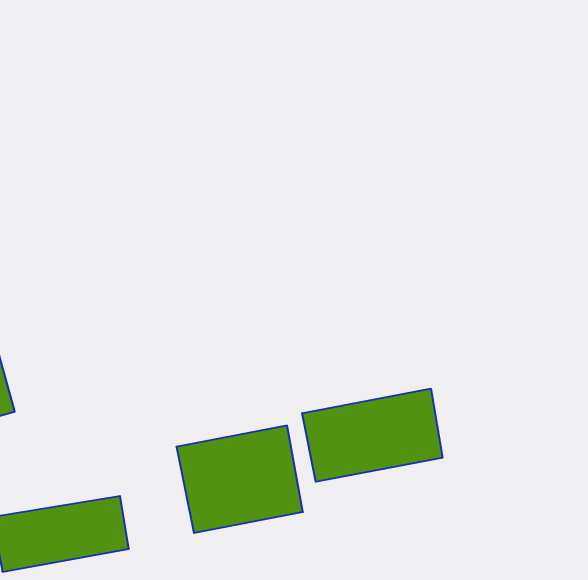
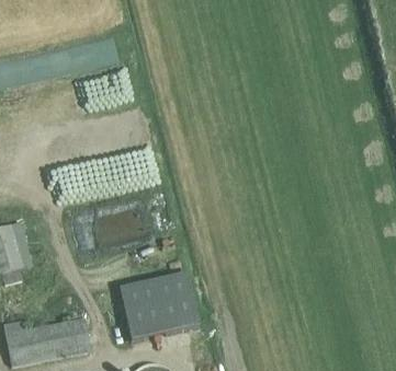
building: [302,389,443,482] -> none

